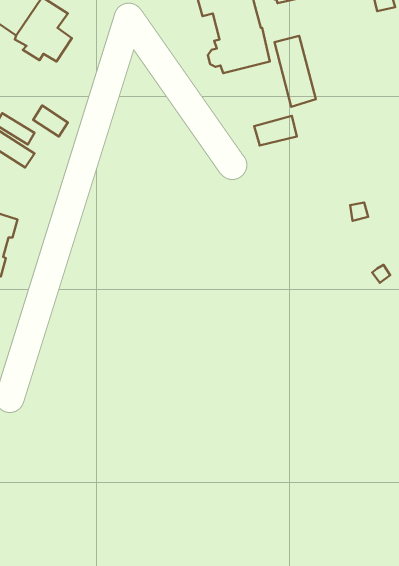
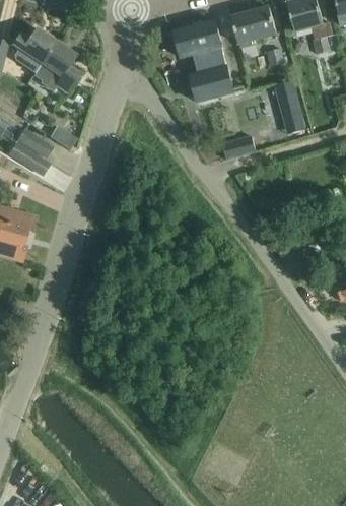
building: [274,36,316,107] -> [275,78,307,134]

